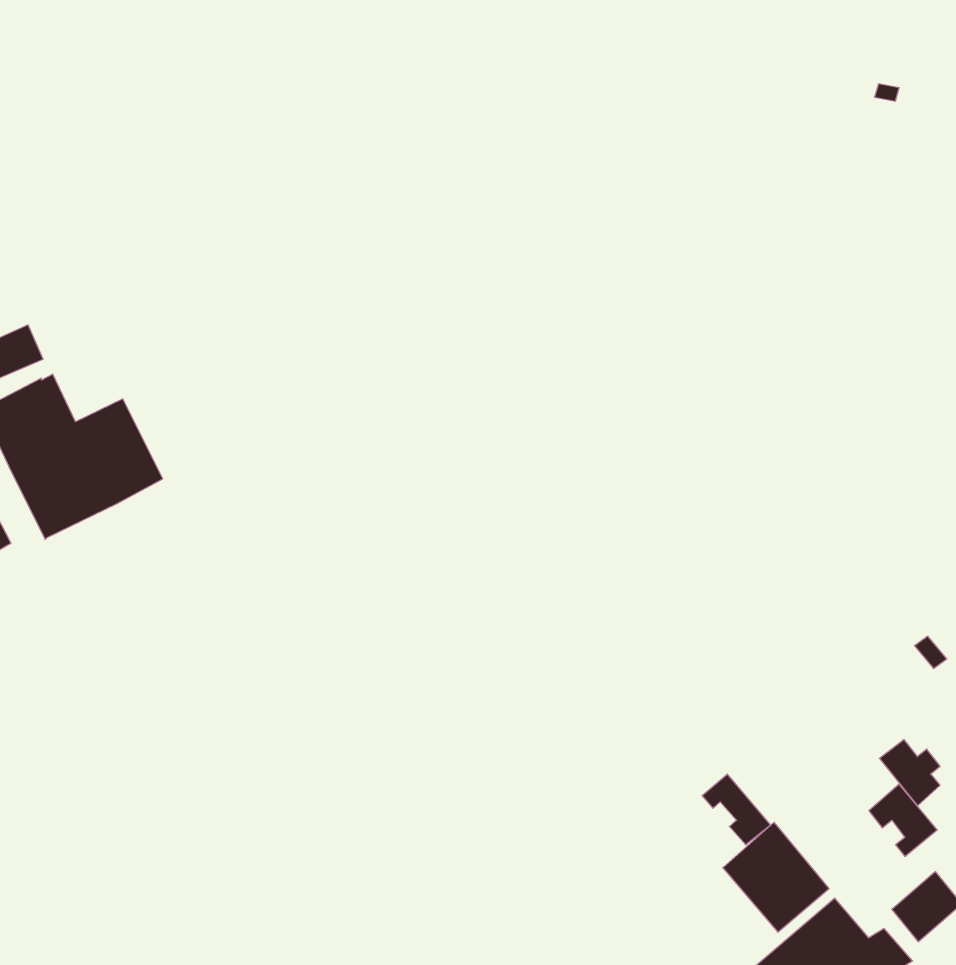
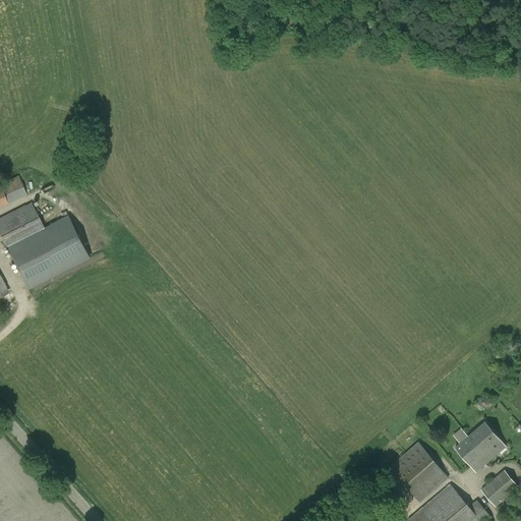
building: [879,740,940,806] -> [455,437,487,472]
building: [702,774,771,845] -> none

